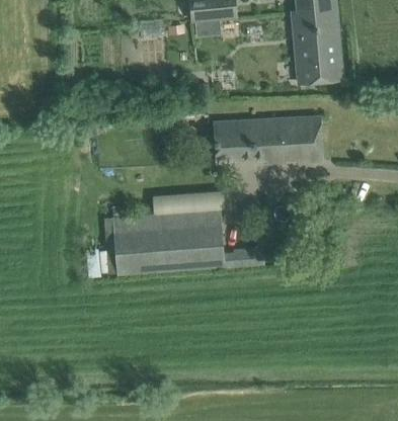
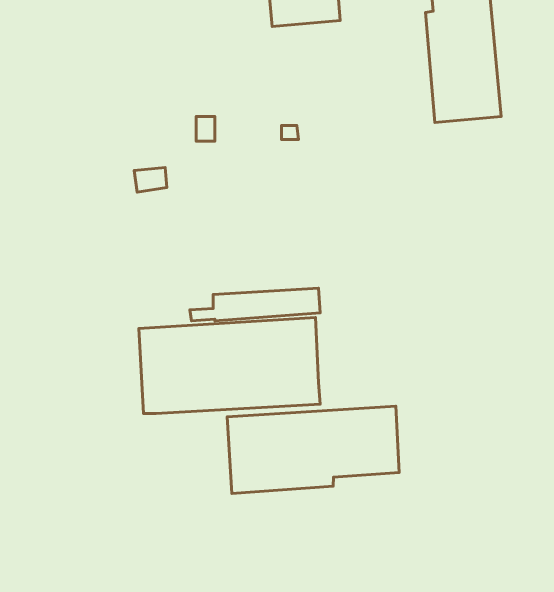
building: [214,116,322,163] -> none
building: none -> [227,406,399,494]

